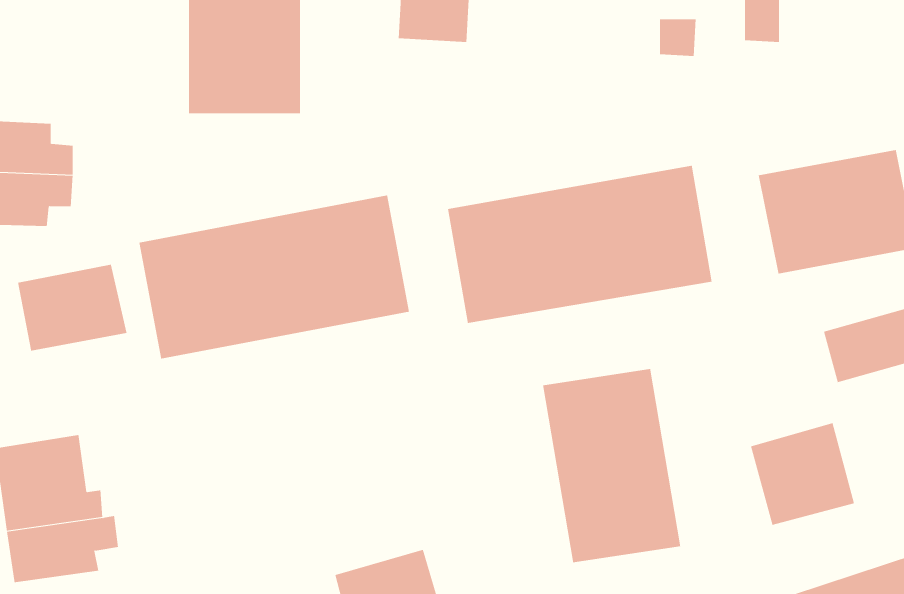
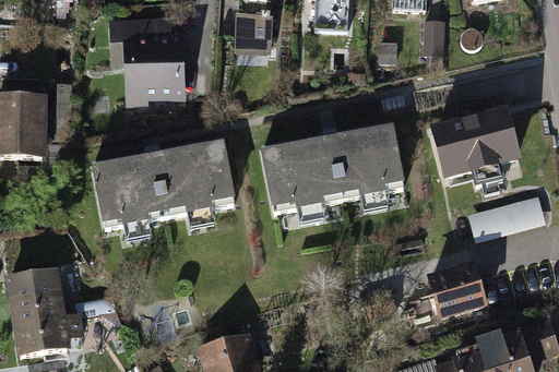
building: [18,264,127,351] -> none
building: [543,368,681,563] -> none

